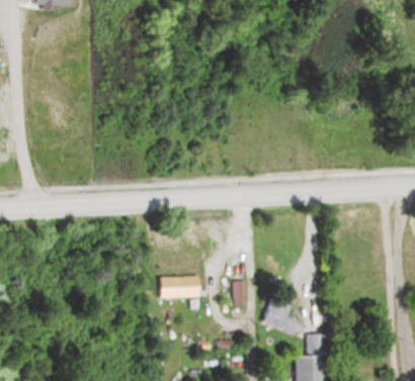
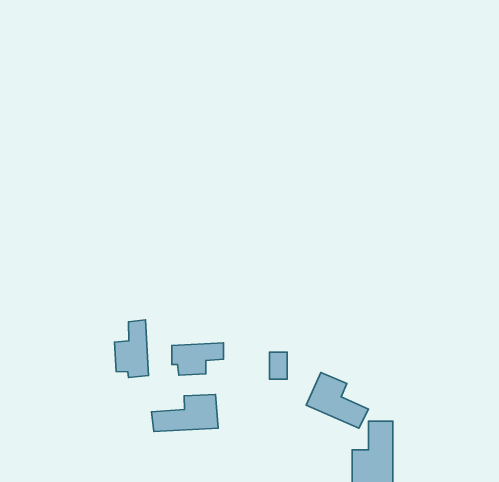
building: none -> [115,320,148,378]
building: none -> [151,395,218,431]

